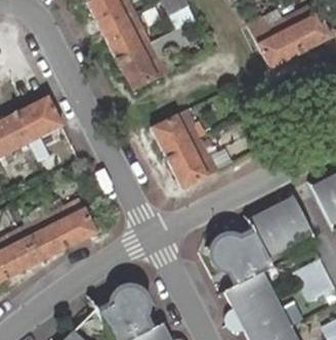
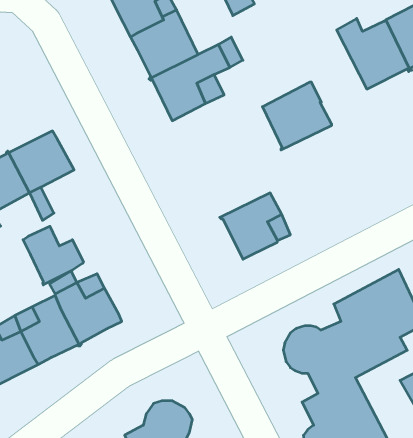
building: [153,110,202,158] -> [262,82,332,150]
building: none -> [23,226,83,285]

